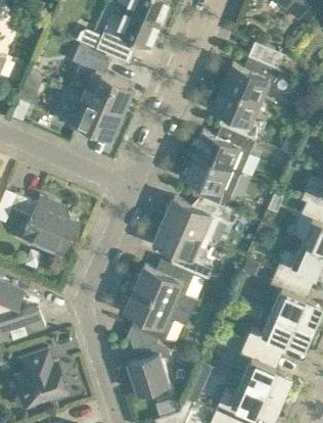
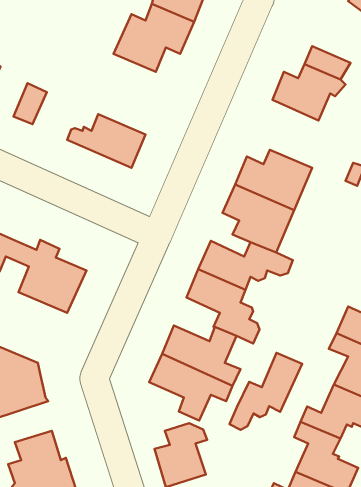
building: [71,46,132,113] -> none
building: [212,86,259,140] -> none
building: none -> [229,353,302,430]

